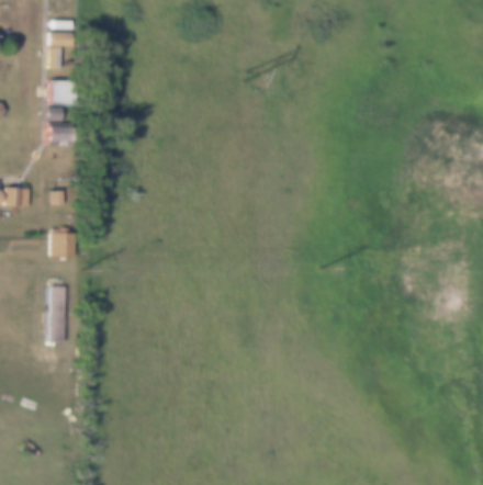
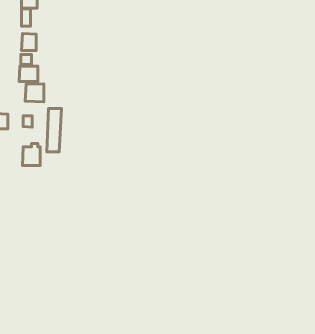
building: none -> [25,84,44,102]
building: [48,285,68,343] -> [47,108,61,152]

